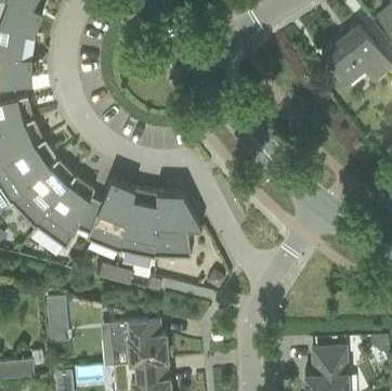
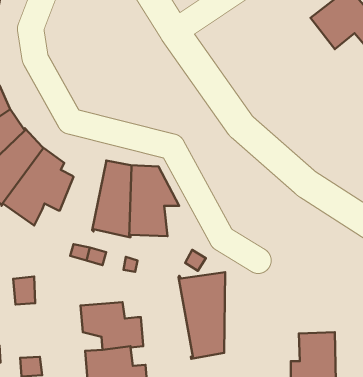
building: [87,179,133,252] -> none
building: none -> [178,272,225,359]

